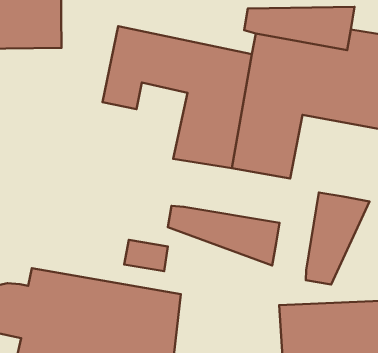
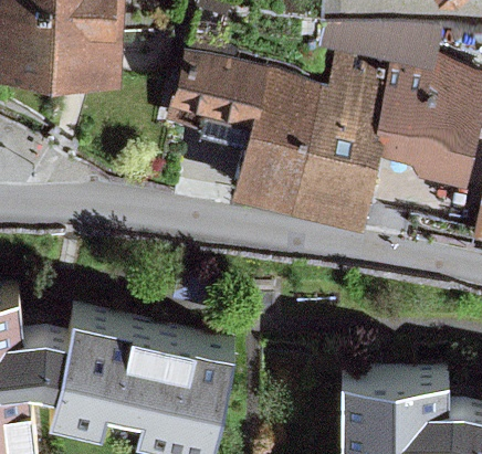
building: [306,192,370,285] -> none
building: [168,206,280,266] -> none

